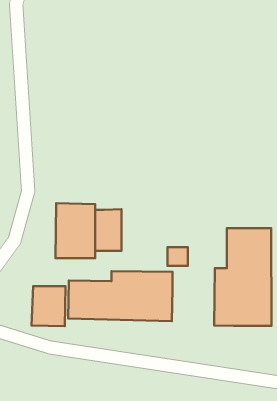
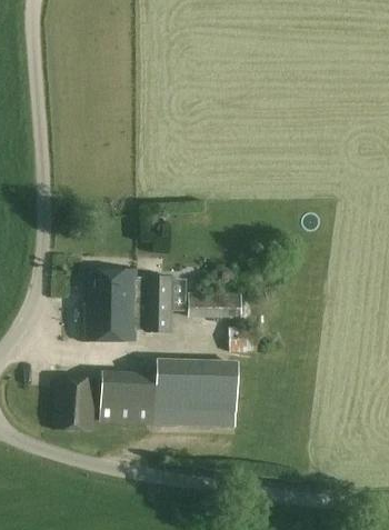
building: none -> [189,293,245,319]
building: [214,228,271,326] -> none

